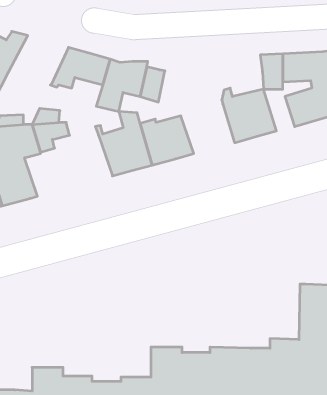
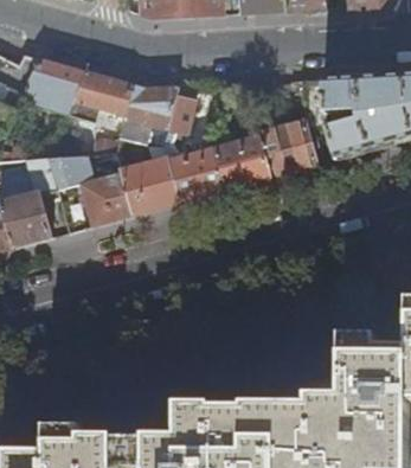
building: none -> [19,58,85,113]
building: none -> [210,134,269,188]
building: none -> [78,152,134,225]

